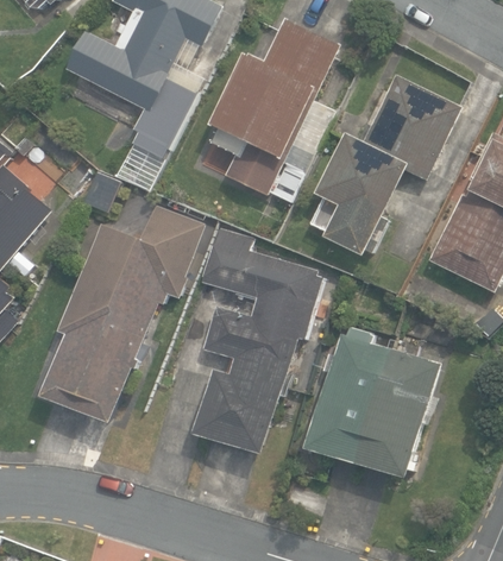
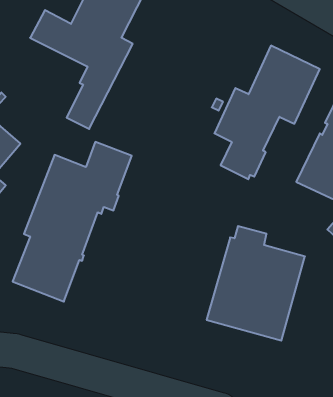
building: [209,18,339,203] -> none
building: [193,227,320,454] -> none

